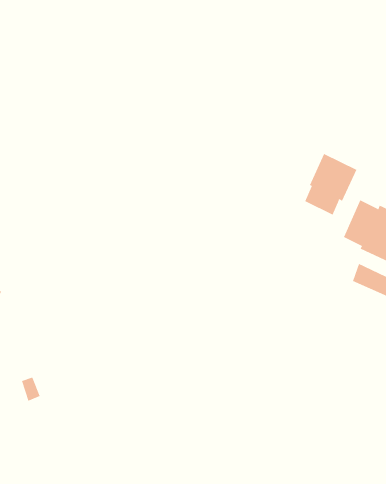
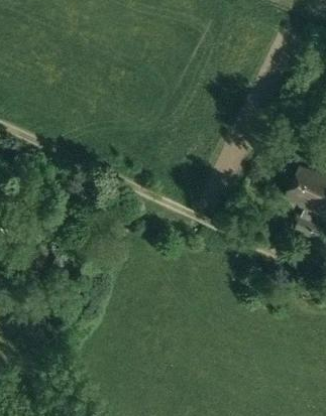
building: [304,153,357,215] -> none

